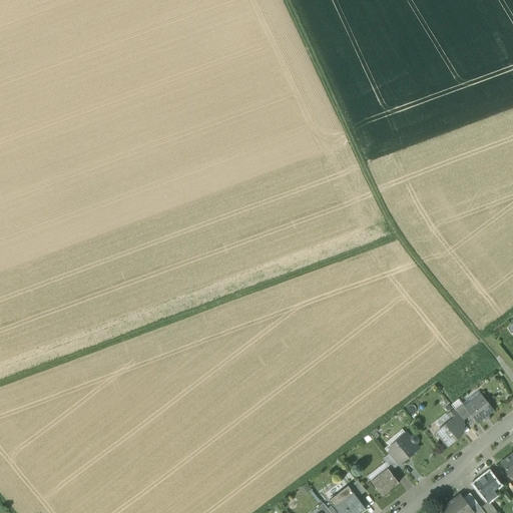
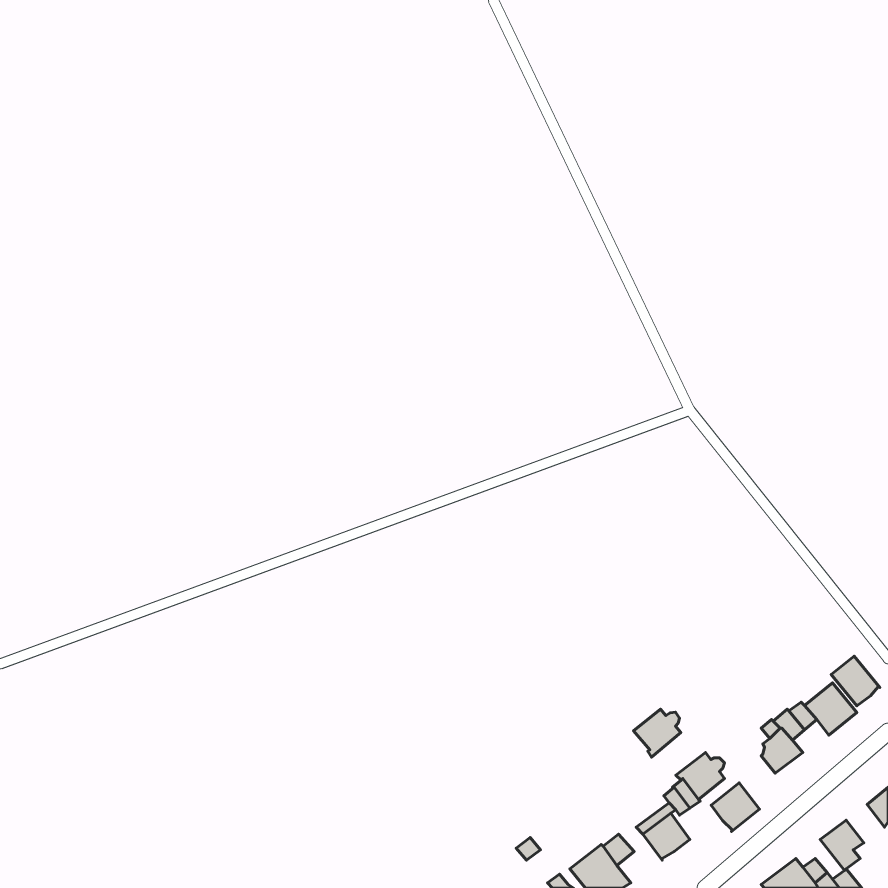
building: none -> [831,656,880,706]
building: none -> [634,709,681,757]
building: none -> [711,783,760,831]

